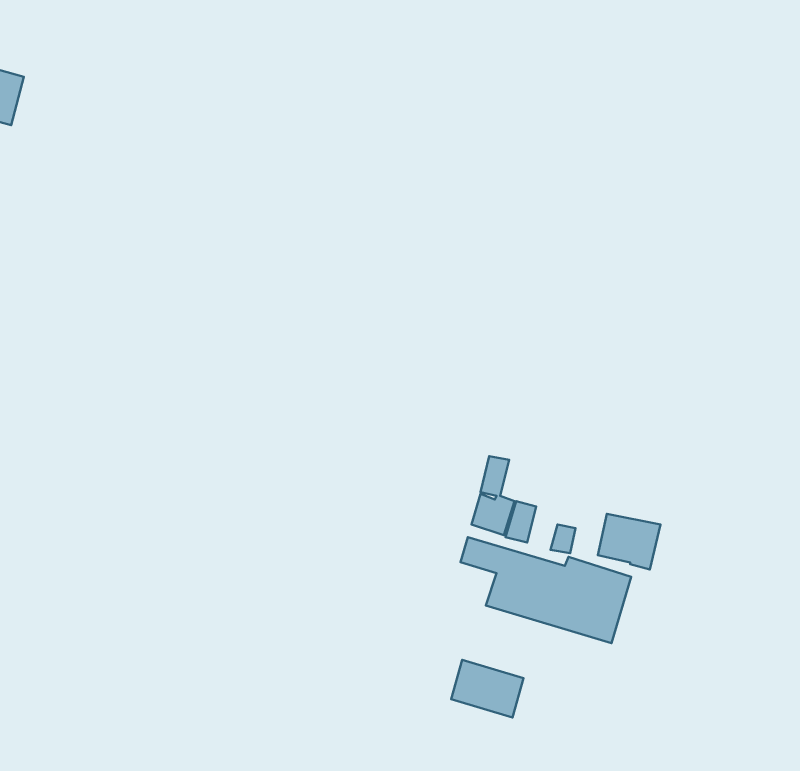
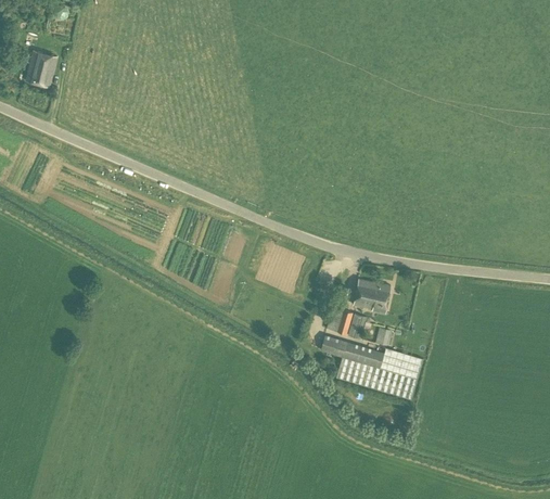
building: [598,514,661,570] -> [353,279,391,312]
building: [451,660,524,718] -> none

